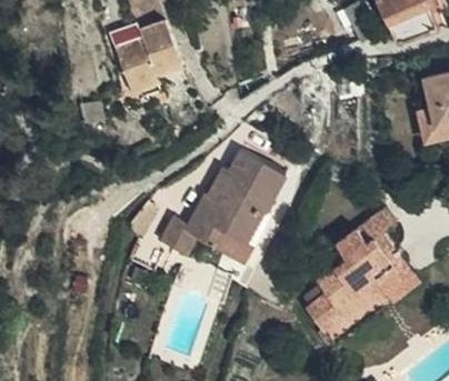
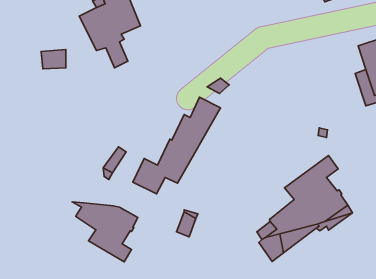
building: [216,156,287,259] -> none
building: none -> [72,202,138,262]

